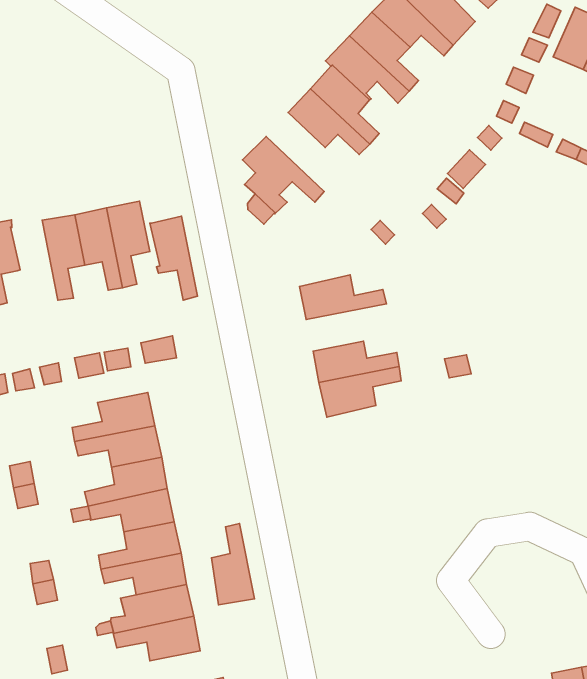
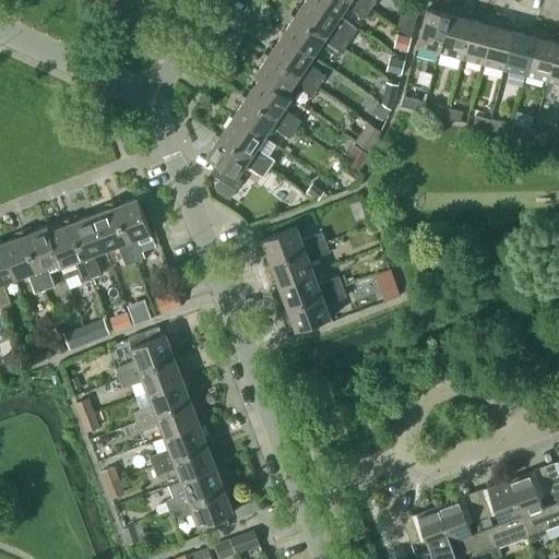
building: none -> [221,118,275,170]
building: [150,216,197,300] -> [48,224,91,284]
building: none -> [271,243,330,286]
building: [211,523,254,605] -> none

